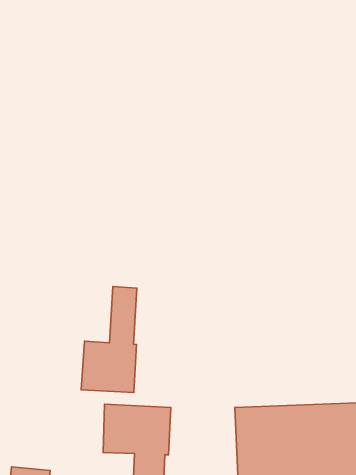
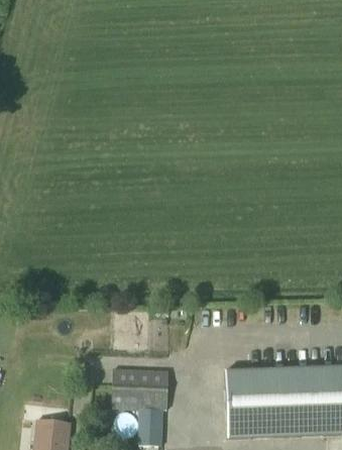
building: [81,287,137,392] -> none

